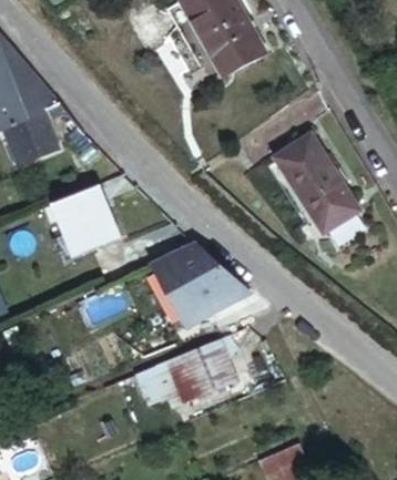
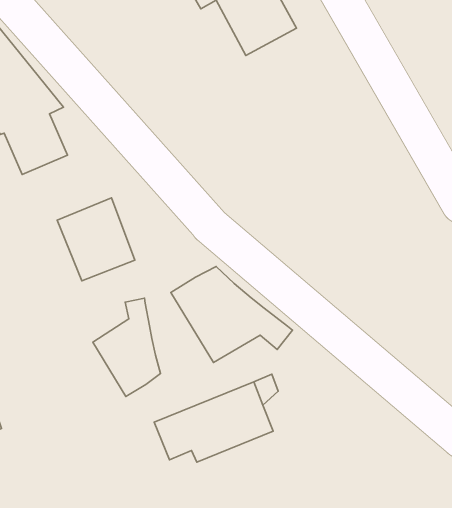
building: [272,131,354,226] -> none
building: none -> [93,298,161,396]

